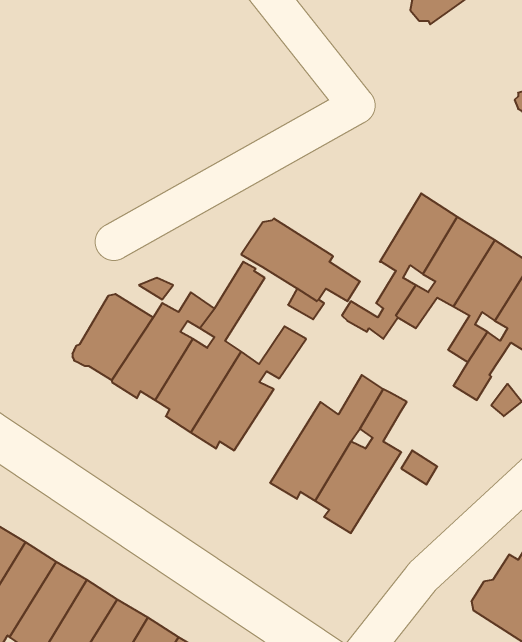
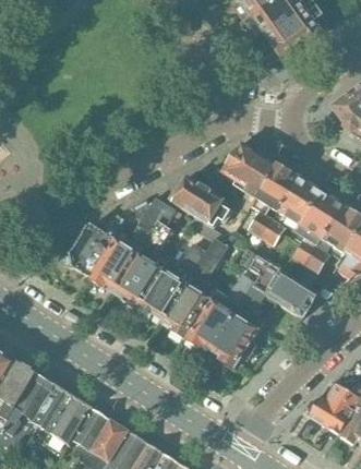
building: none -> [222,143,277,209]
building: none -> [132,195,169,232]
building: none -> [164,231,232,338]
building: none -> [241,250,322,317]

